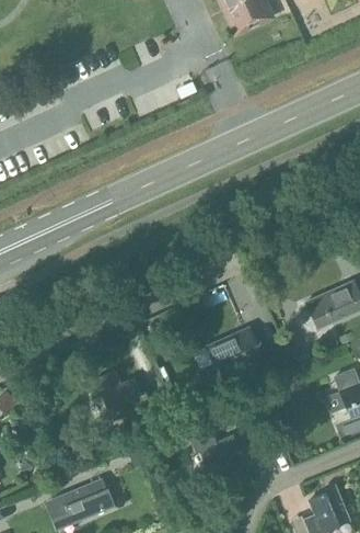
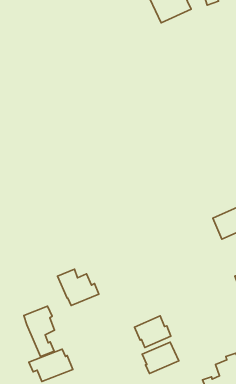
building: [206,326,265,372] -> none
building: none -> [24,306,55,356]
building: none -> [142,342,179,374]

